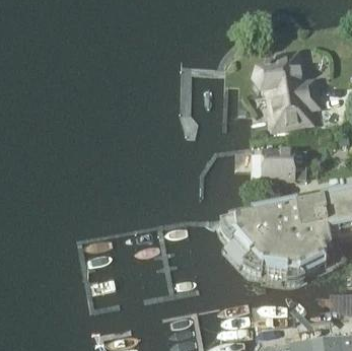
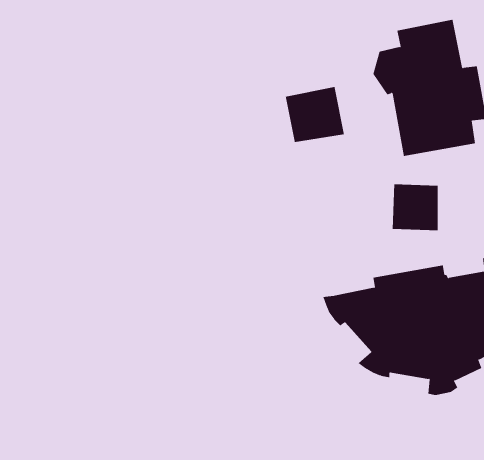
building: none -> [285,86,345,143]

